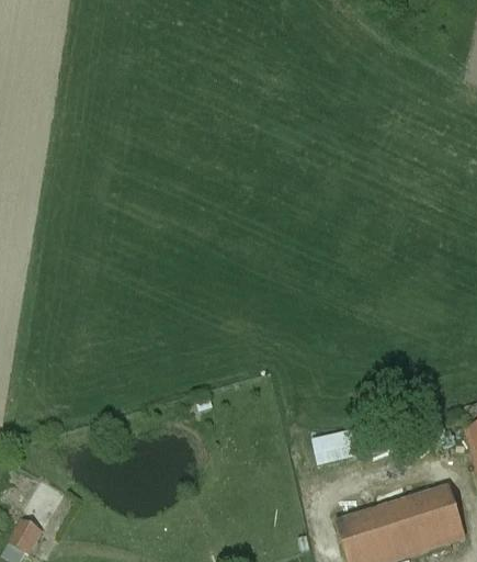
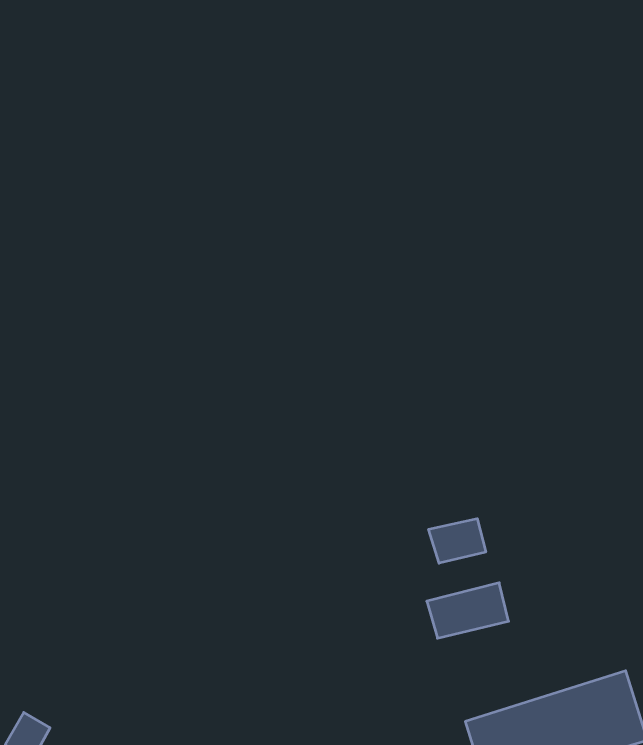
building: none -> [429,519,486,563]

